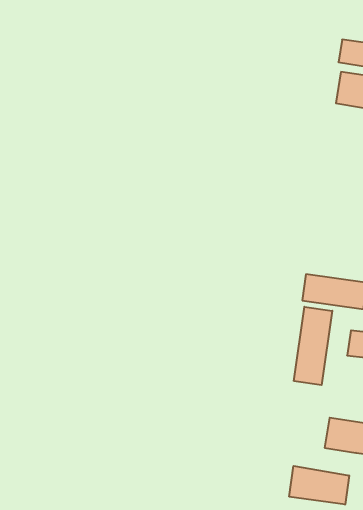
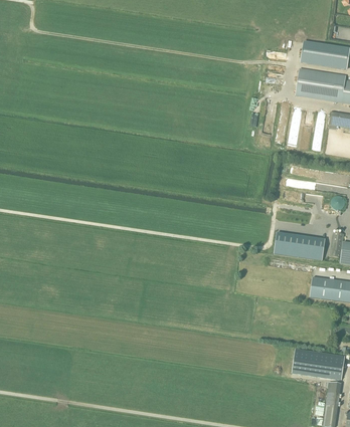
building: [294,307,332,385] -> none
building: [289,466,349,505] -> none

